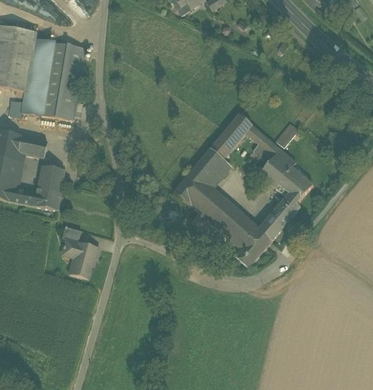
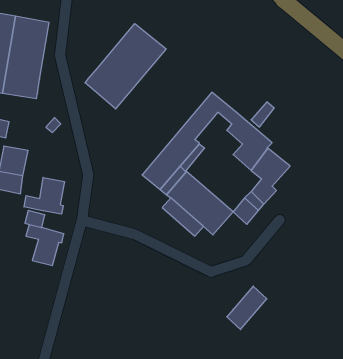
building: none -> [85,24,166,109]
building: none -> [24,177,64,214]
building: [234,226,272,267] -> [227,286,267,330]

